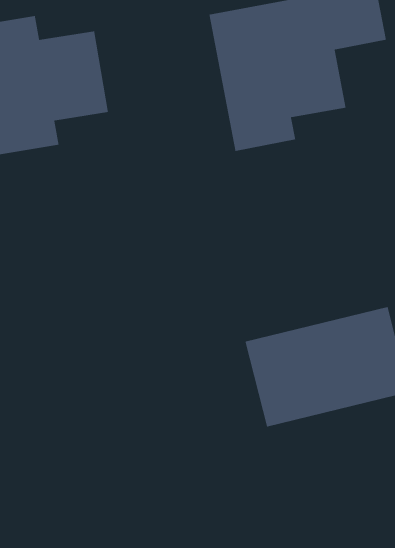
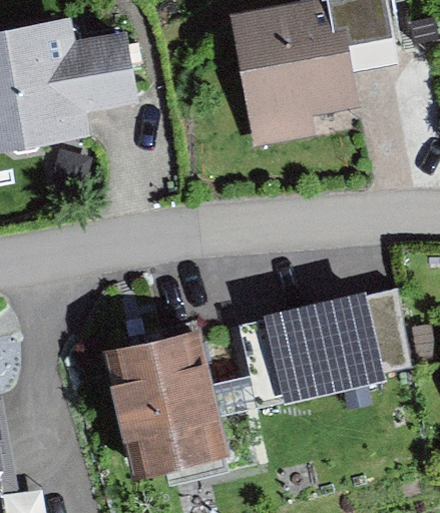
building: none -> [103,338,228,488]

